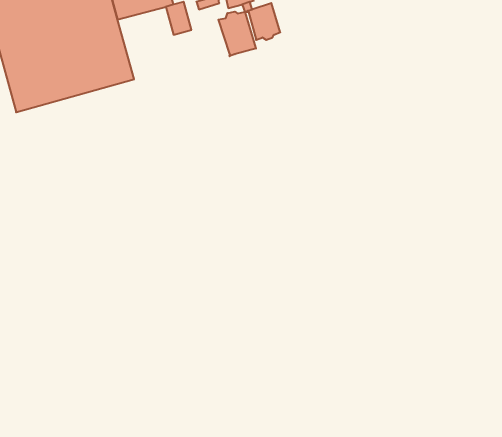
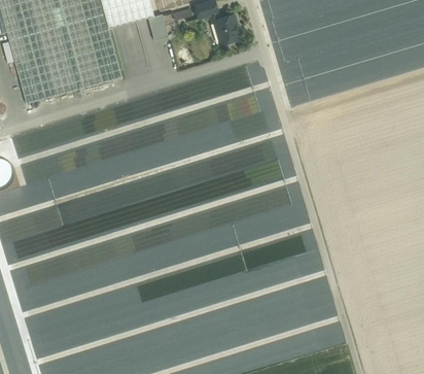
building: [218,12,256,56] -> none

